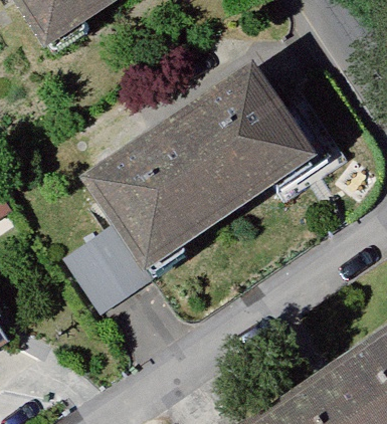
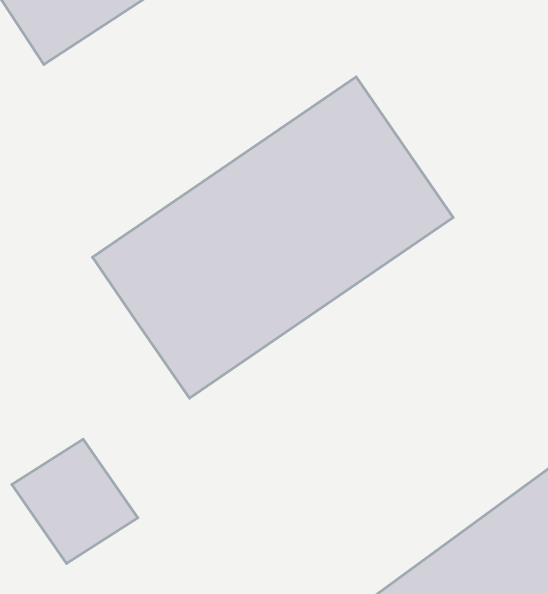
building: [58,235,142,317] -> [12,439,138,563]

